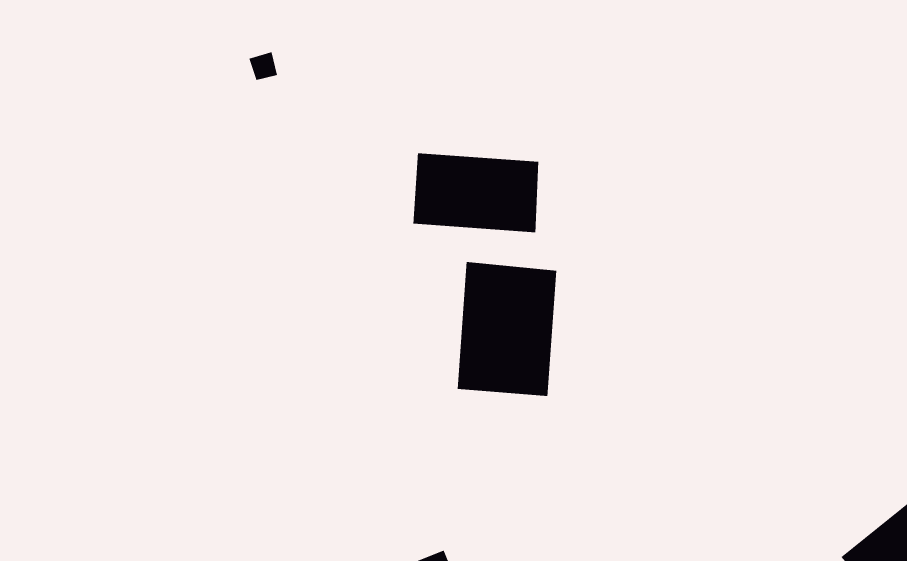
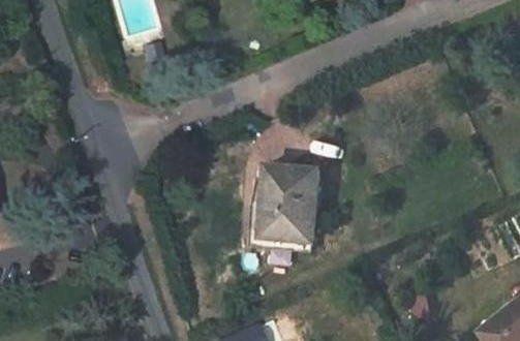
building: [413,152,539,233] -> none

